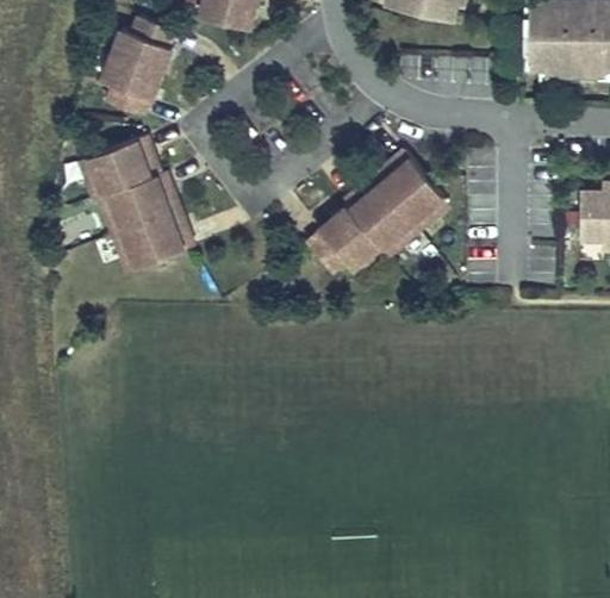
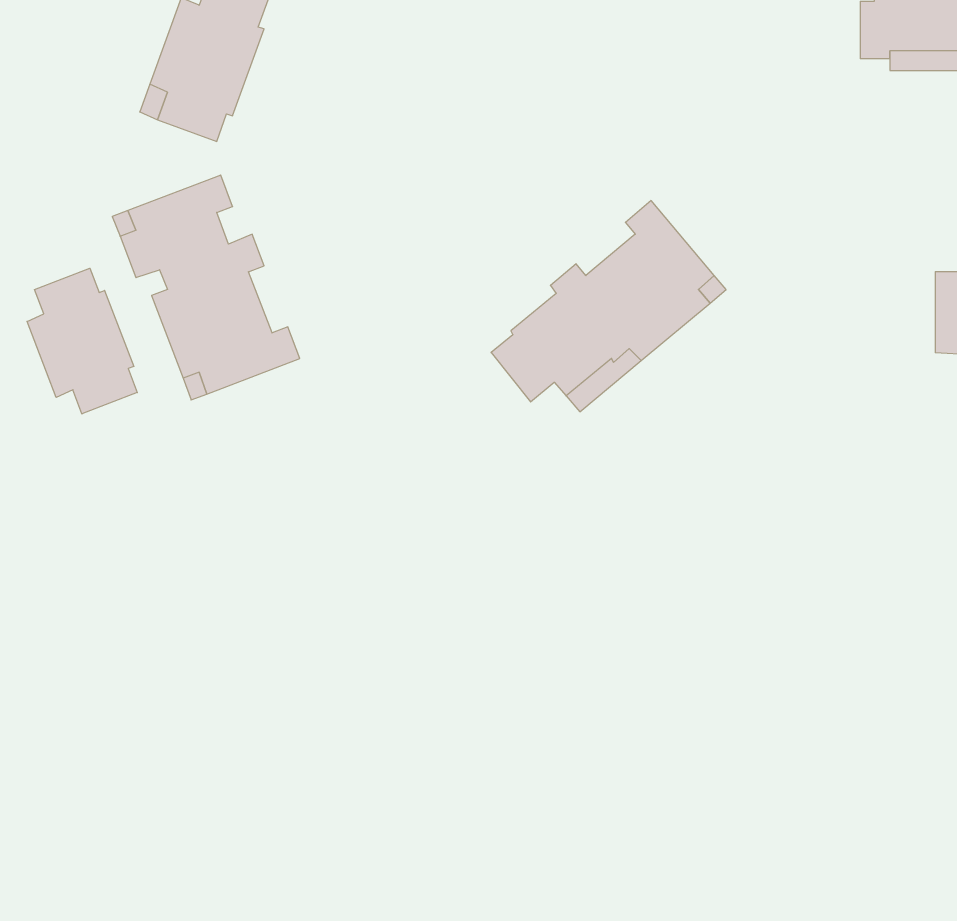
building: none -> [27,268,137,414]

